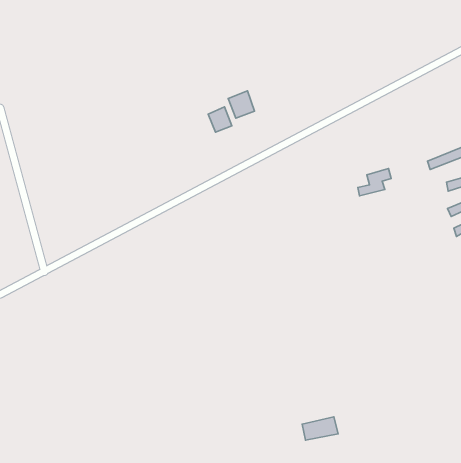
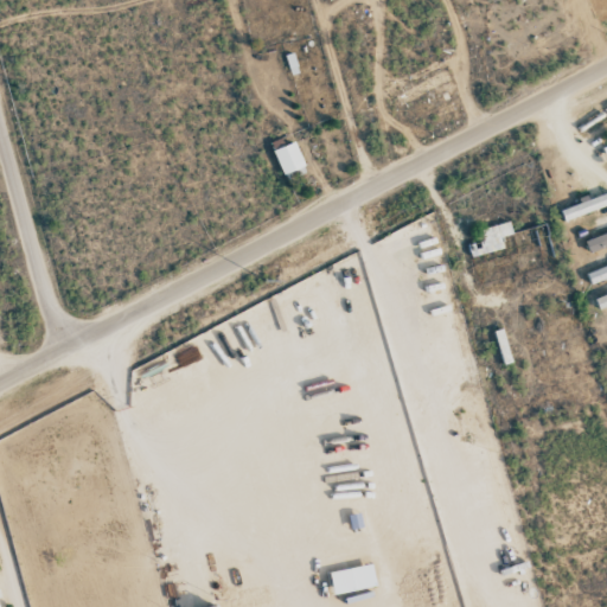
building: [228,91,254,118] -> none
building: [302,417,338,440] -> [331,563,378,594]

